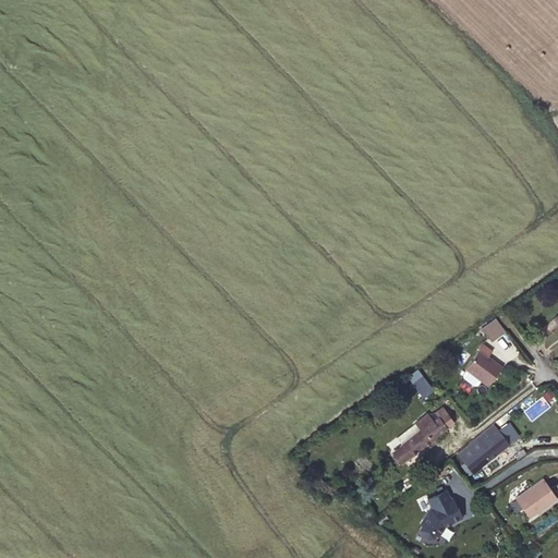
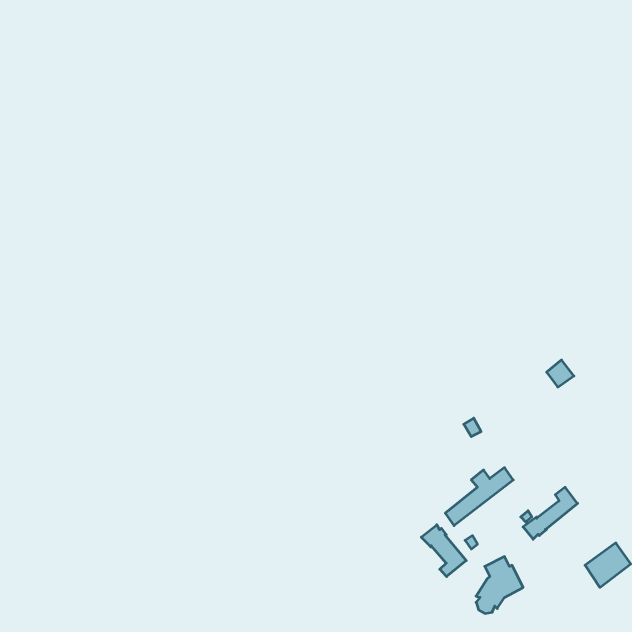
building: [464,349,502,386] -> none
building: none -> [421,525,466,577]

